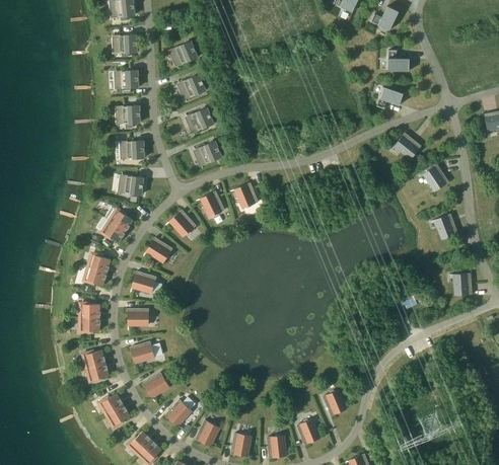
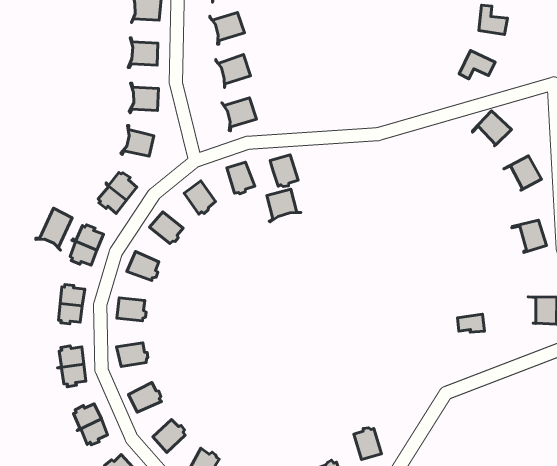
building: none -> [267,189,301,222]
building: none -> [36,208,72,250]

